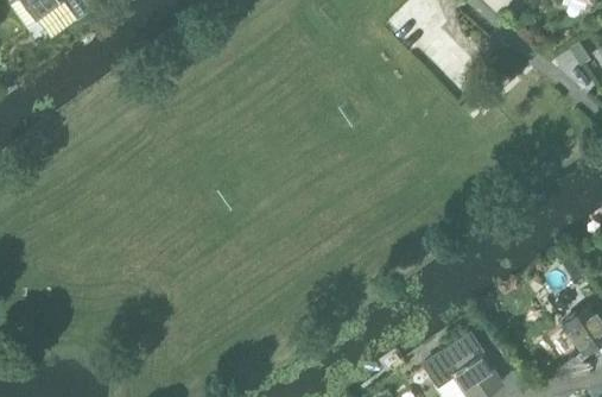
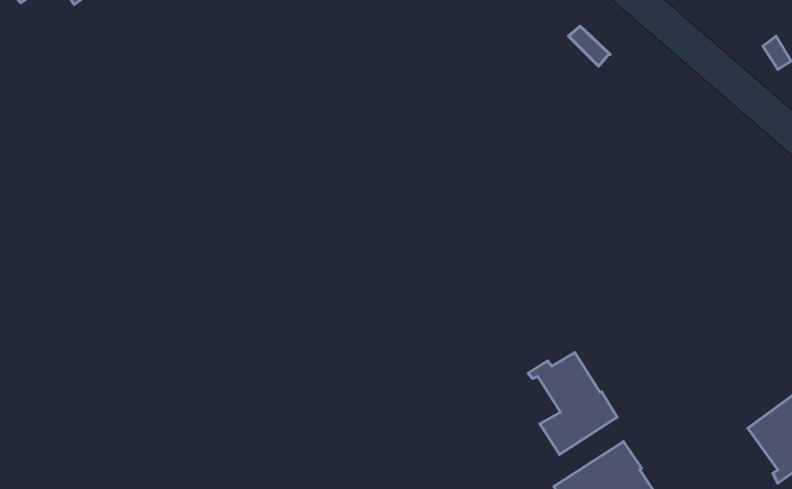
building: none -> [528,352,617,454]

